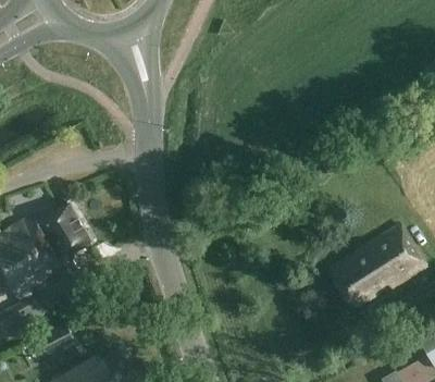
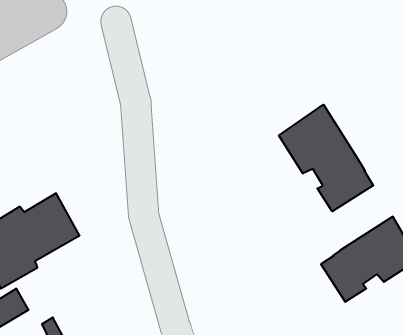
building: none -> [279,105,373,211]

